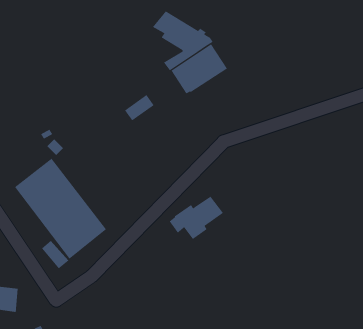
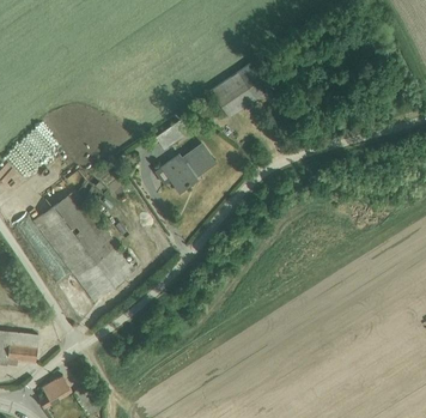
building: [152,10,213,71] -> none
building: [169,196,224,240] -> [153,144,214,193]

